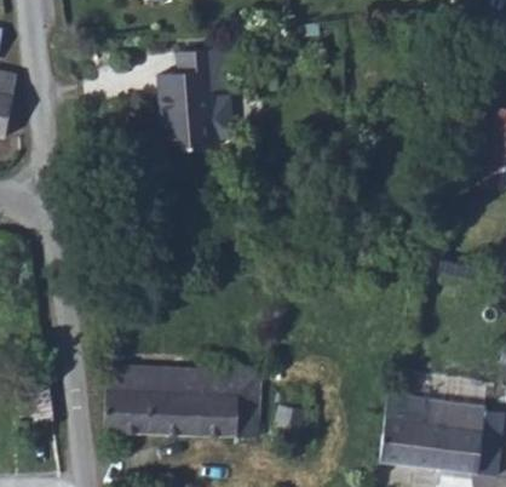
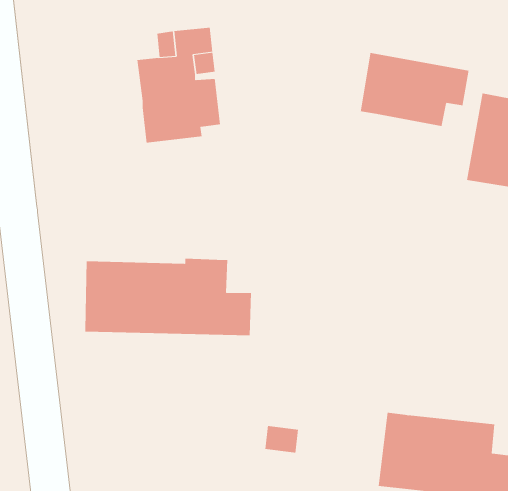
building: none -> [360,52,469,127]
building: [108,366,261,437] -> [84,258,252,336]

